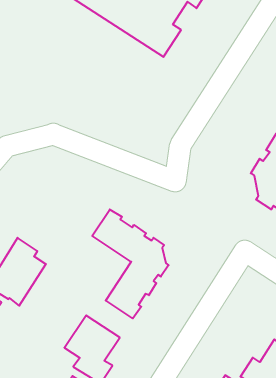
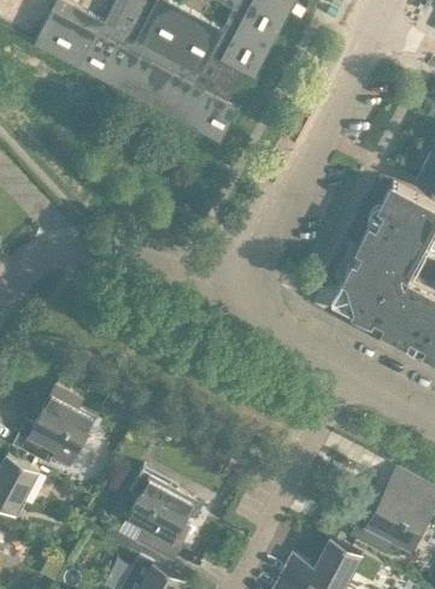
building: [92,209,169,318] -> none

